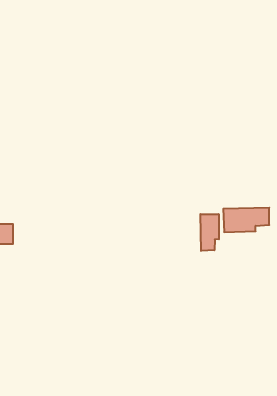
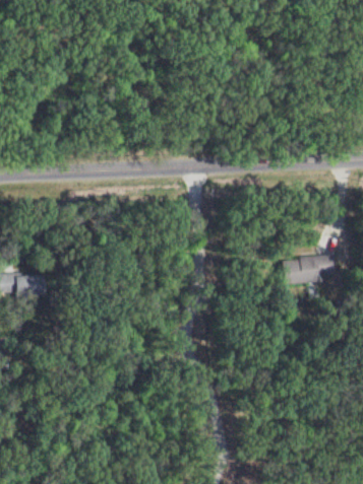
building: [200,214,219,251] -> none

